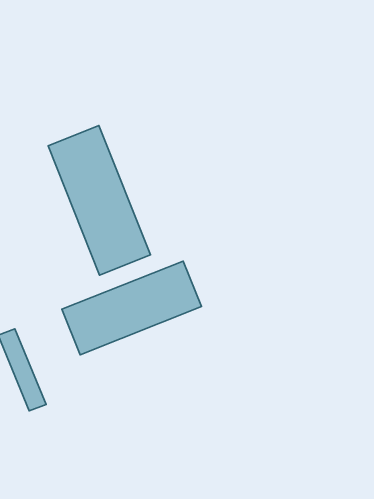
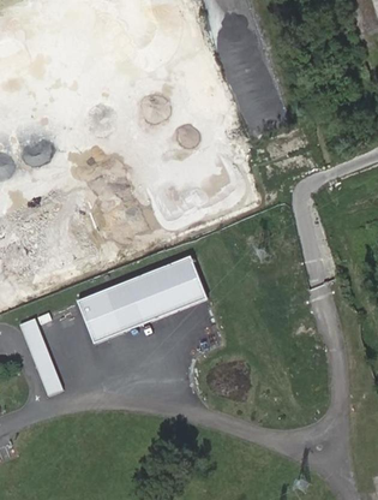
building: [48,126,151,275] -> none

